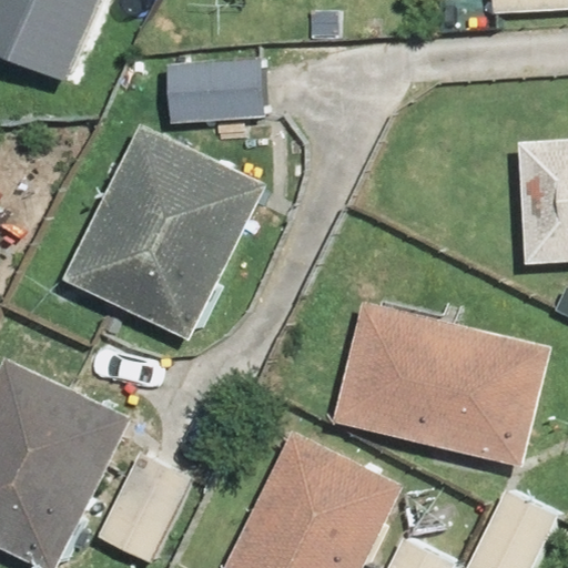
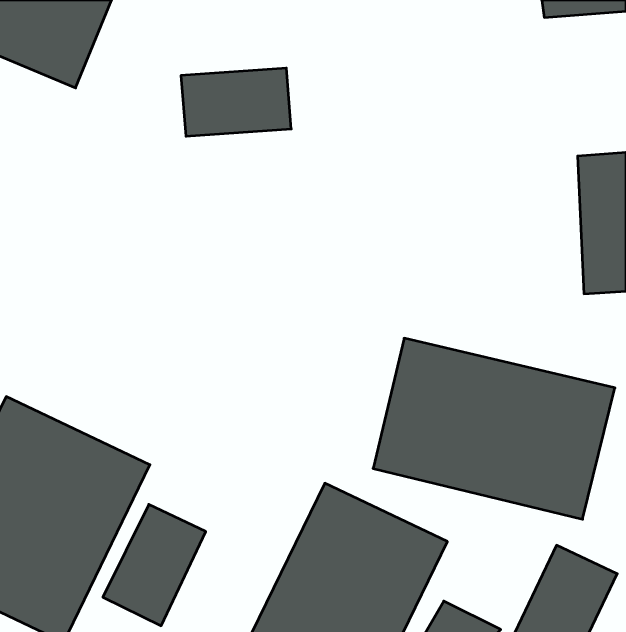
building: [65,122,267,341] -> none

